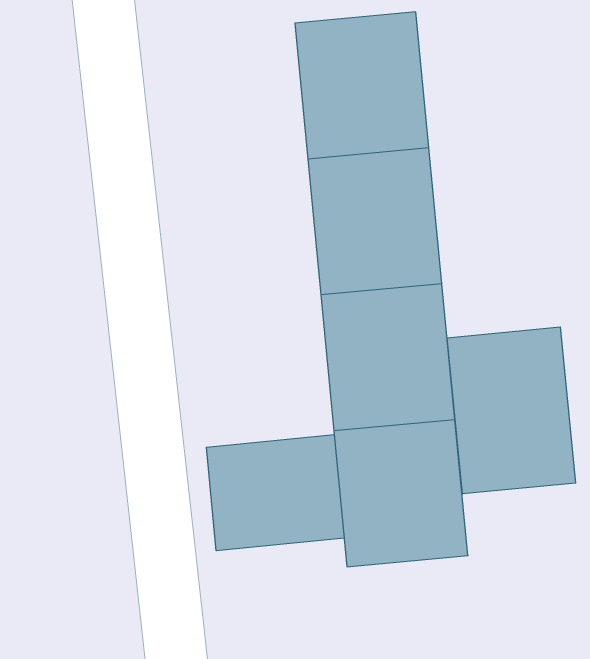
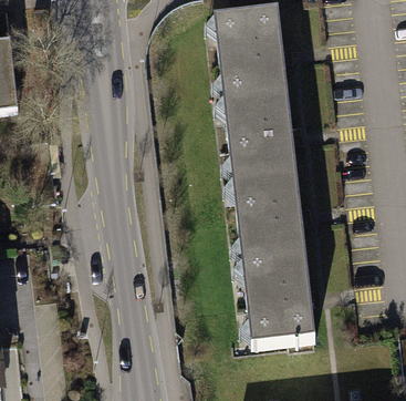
building: [447,327,576,494] -> none
building: [206,435,344,551] -> none

